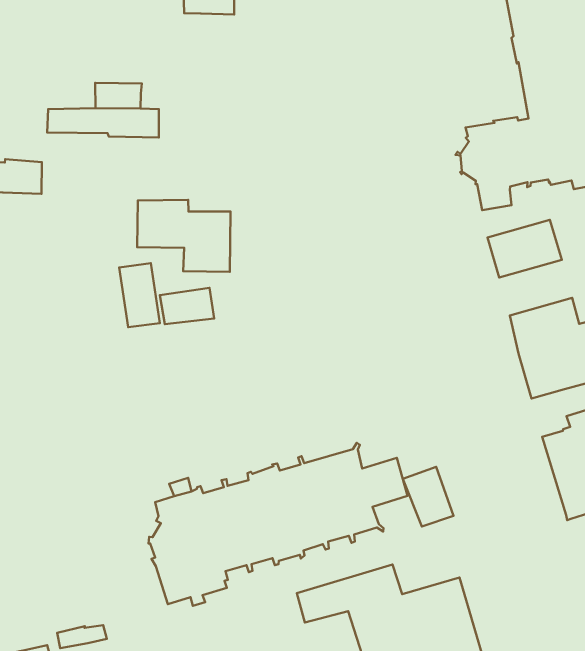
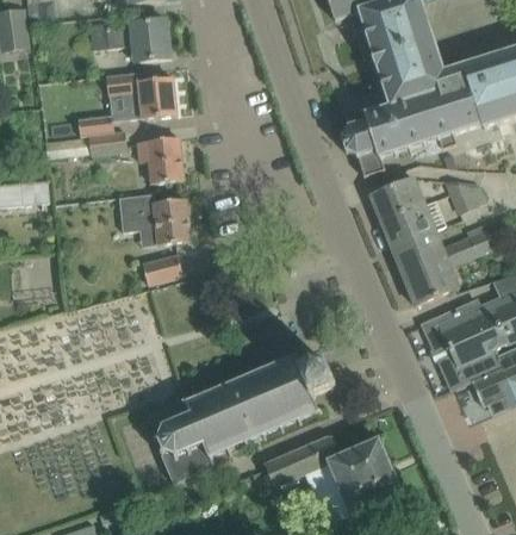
building: none -> [106,70,176,119]
building: none -> [136,136,184,182]
building: none -> [381,204,435,248]
building: [119,263,160,327] -> none
building: [403,467,454,527] -> none

